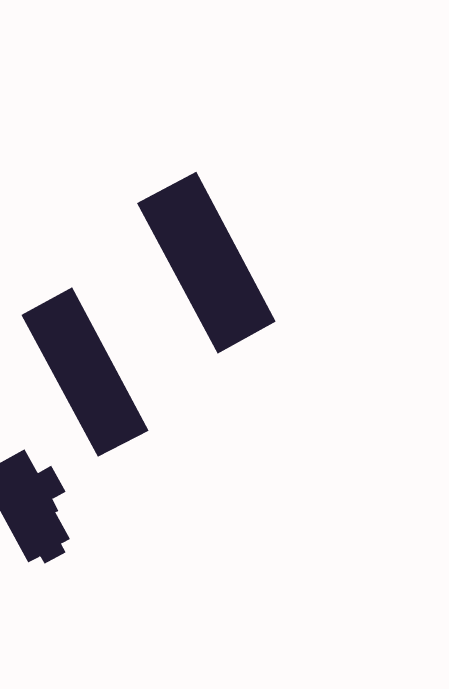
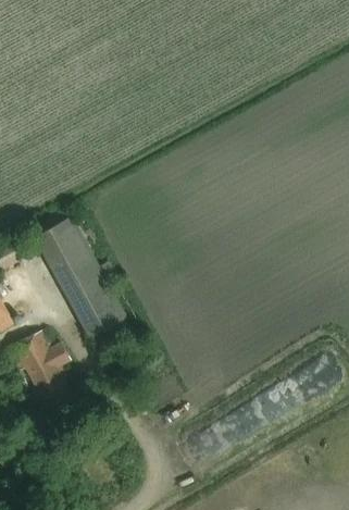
building: [136,171,277,355] -> none

